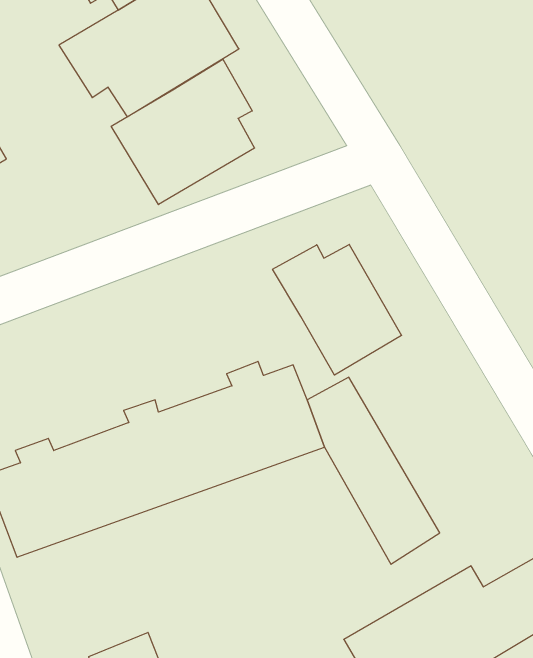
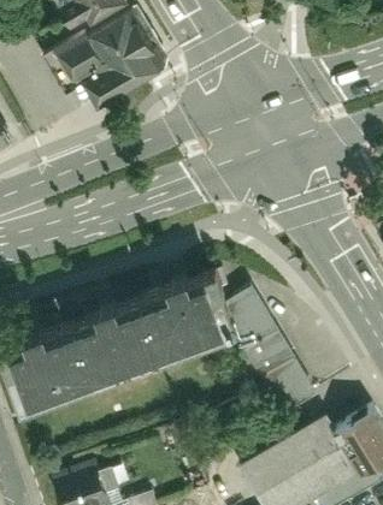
building: [111,59,255,205] -> none
building: [273,244,402,375] -> none

